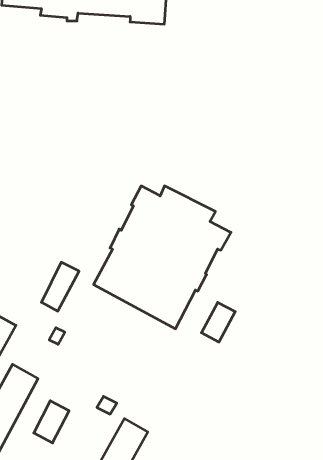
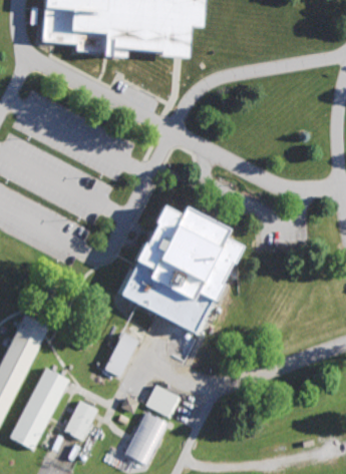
building: [41,262,79,311] -> [105,331,139,375]
building: [201,302,235,342] -> none
building: none -> [147,383,183,416]

